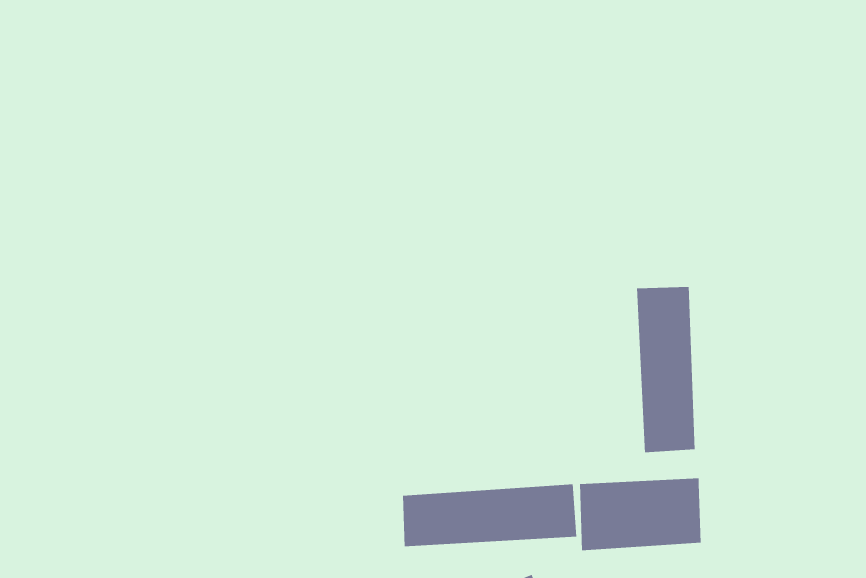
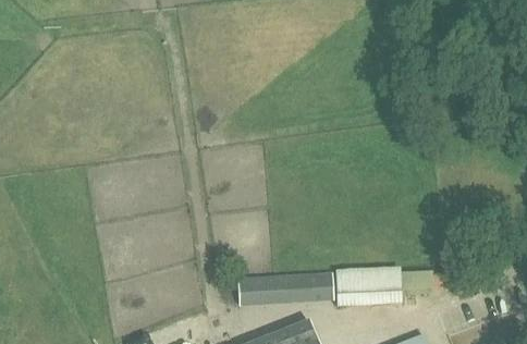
building: [637,286,695,453] -> none

